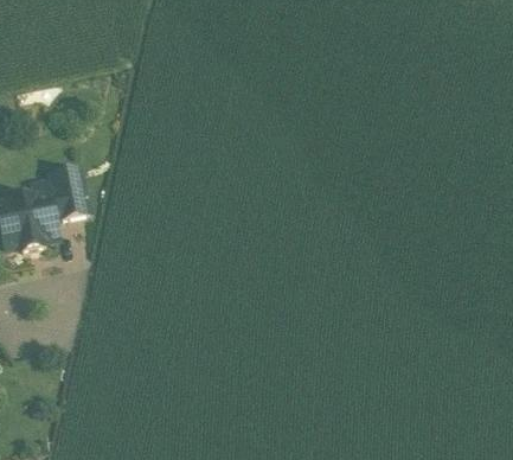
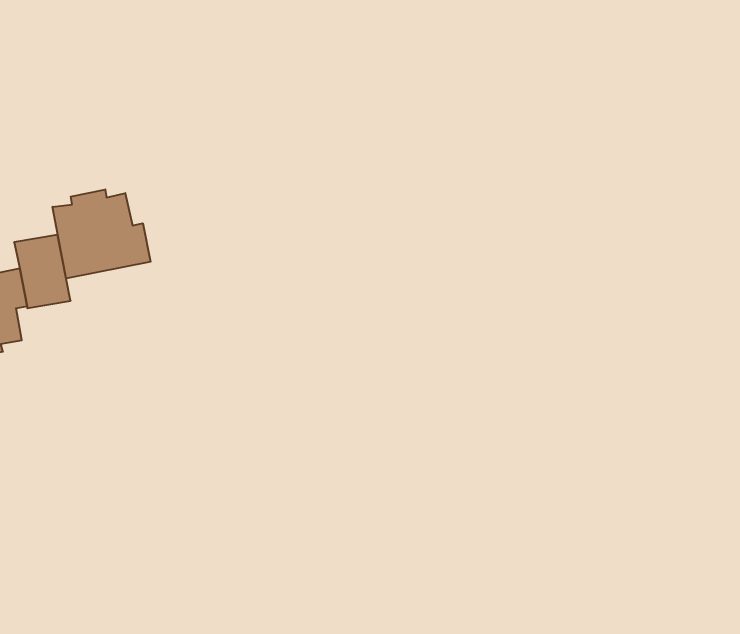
building: none -> [53,189,151,279]

